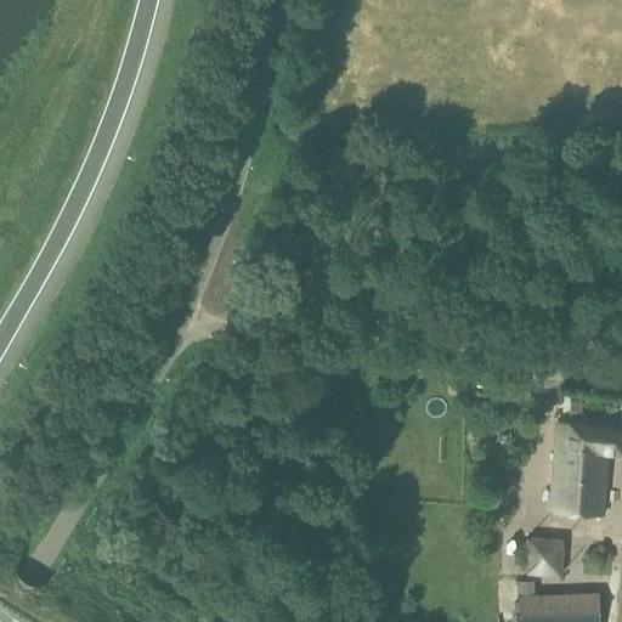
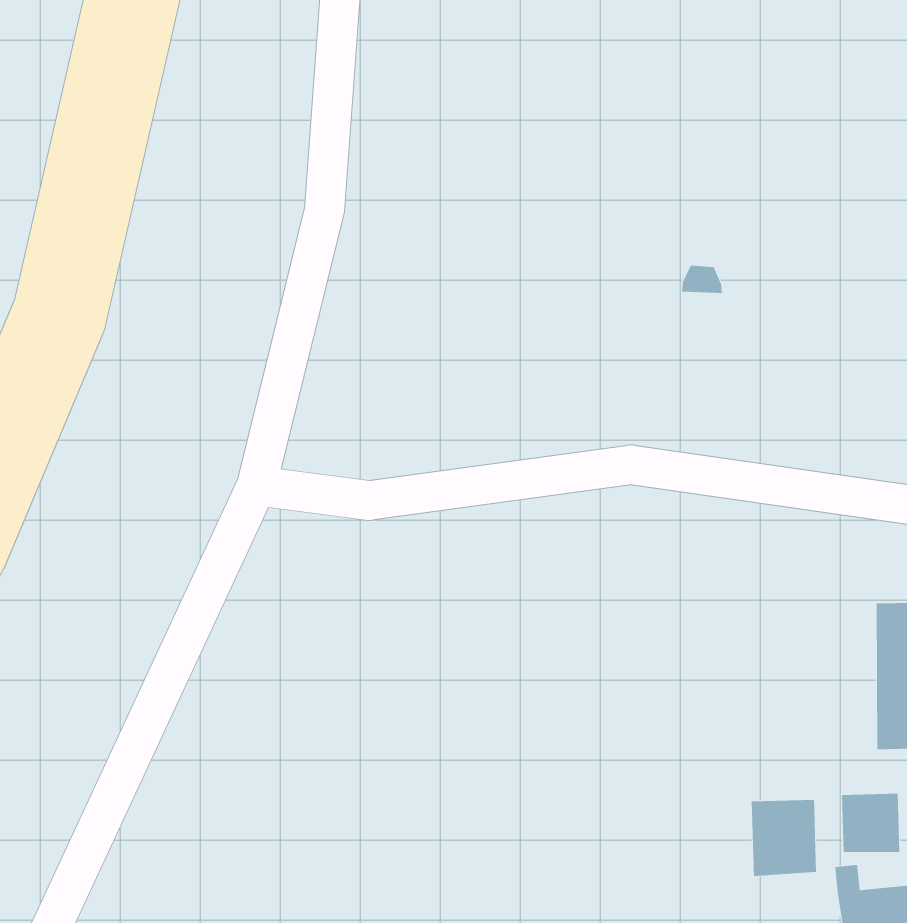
building: none -> [751,799,817,877]

